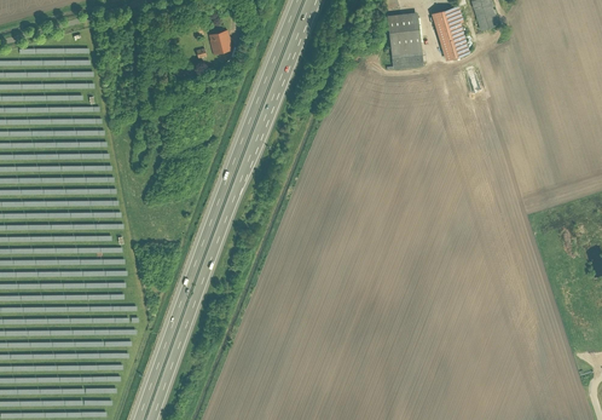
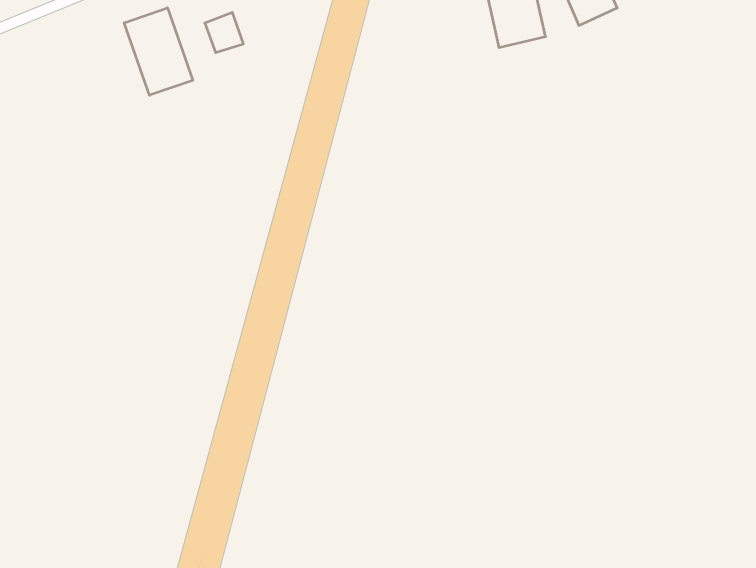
building: none -> [124,8,193,95]

